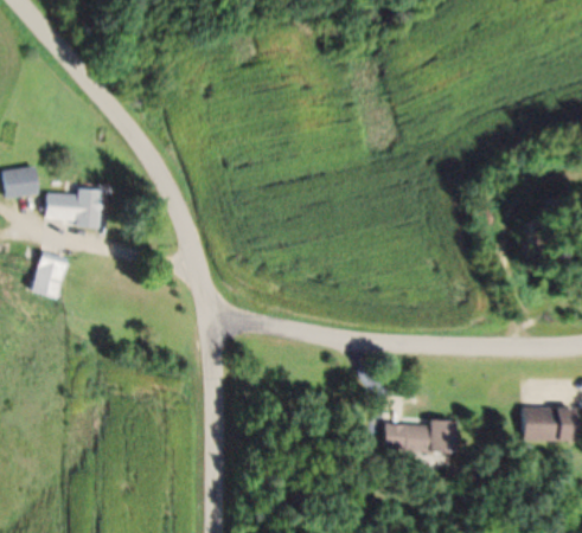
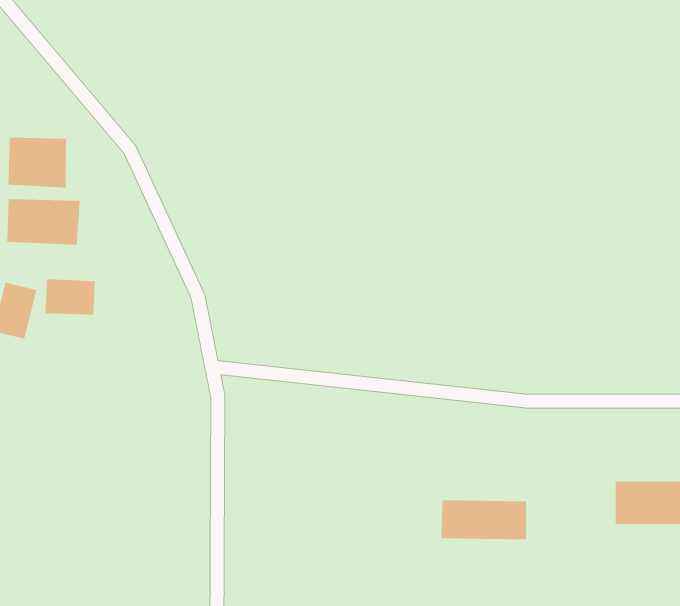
building: none -> [8,137,67,189]
building: none -> [45,279,95,316]

